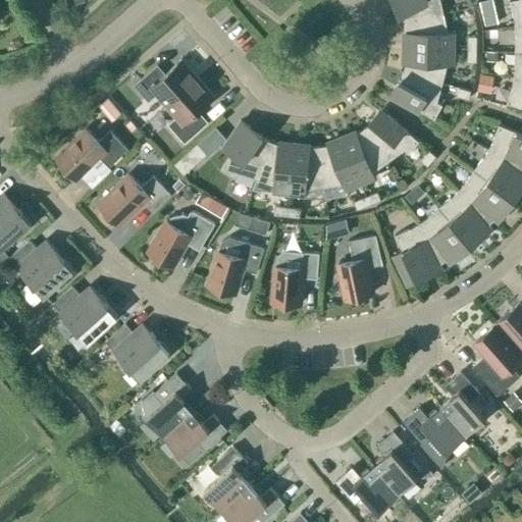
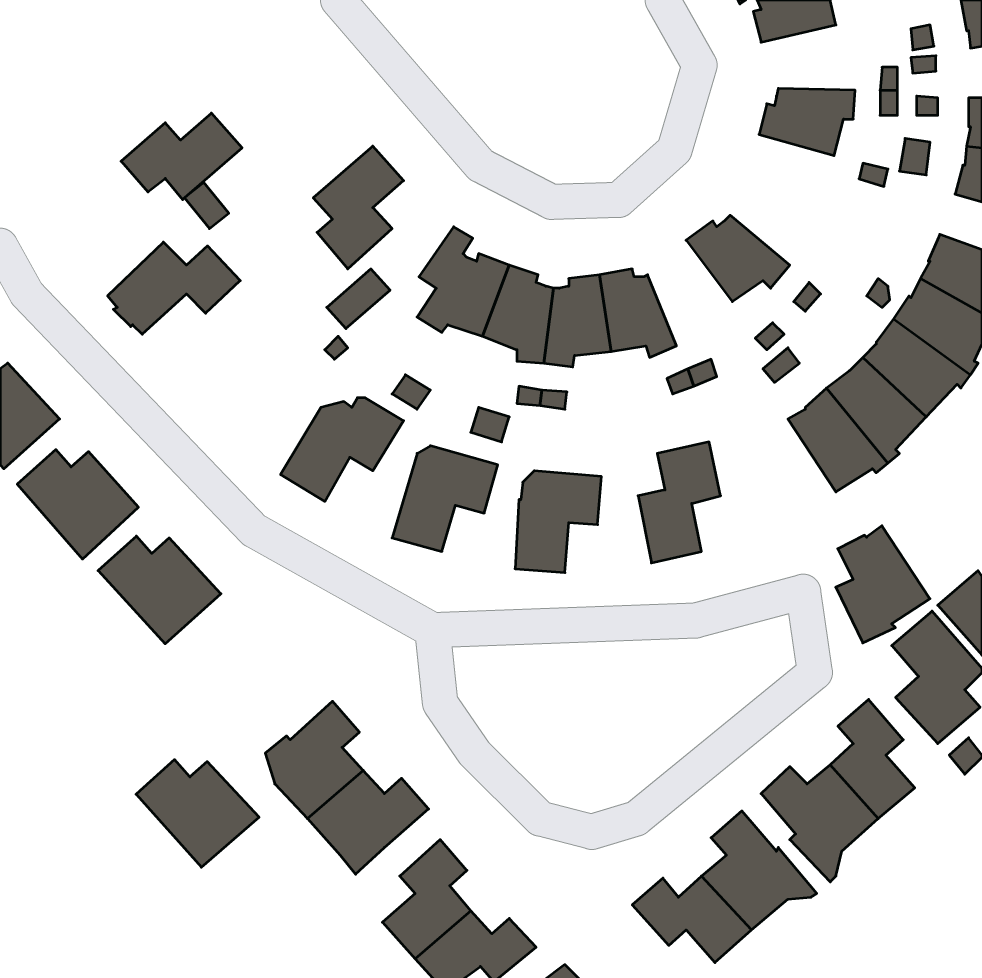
building: [404,15,454,50] -> none
building: [134,61,198,107] -> [121,113,242,200]
building: [399,73,442,120] -> none
building: [344,129,388,186] -> none
building: [100,176,170,225] -> none
building: [394,224,443,286] -> [836,526,930,643]
building: [105,324,170,381] -> [136,760,259,867]

